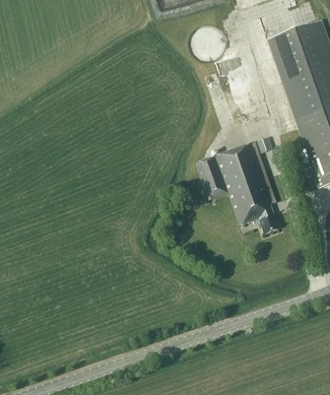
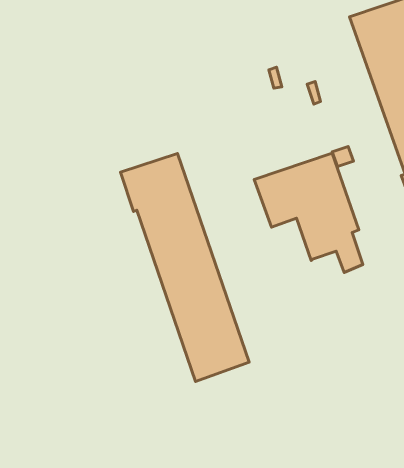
building: none -> [121,154,249,381]

